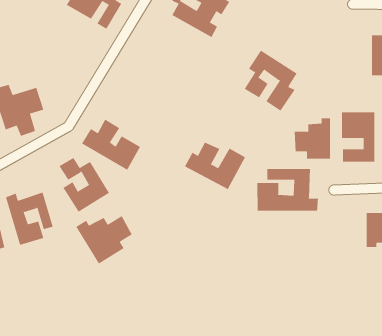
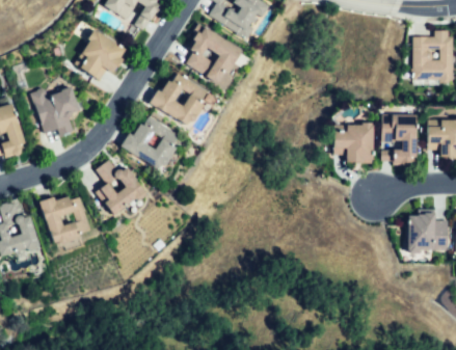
building: none -> [76,29,127,78]
building: [244,50,297,112] -> [188,25,242,87]
building: [184,142,246,190] -> [151,78,213,127]
building: [257,168,318,212] -> none
building: [75,215,132,265] -> none

